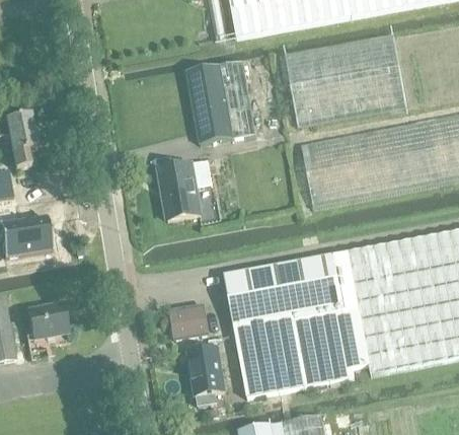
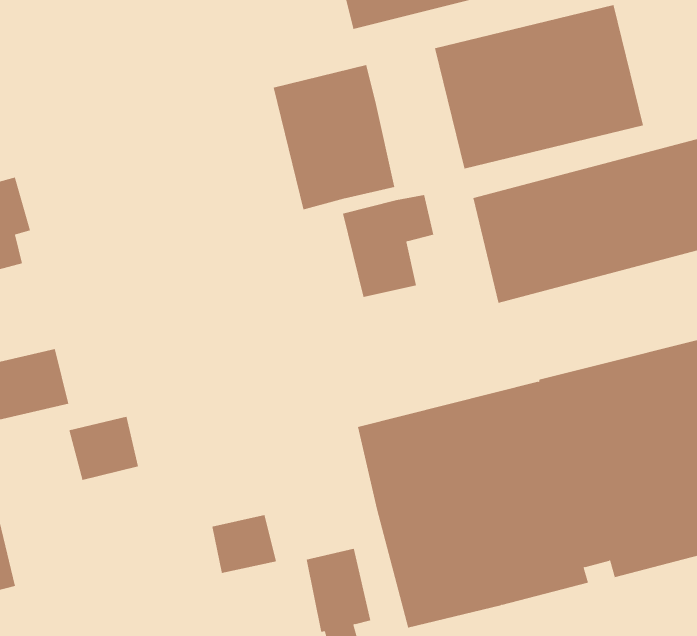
building: [159,160,213,219] -> [342,195,434,297]
building: [27,301,68,338] -> [68,416,139,480]
building: [171,303,209,337] -> [211,514,277,574]

